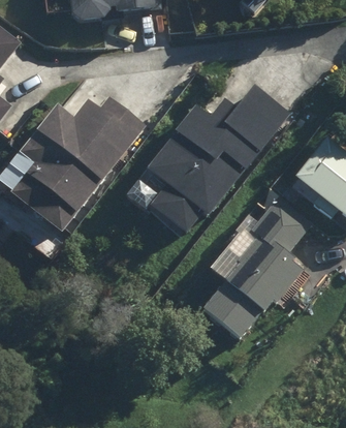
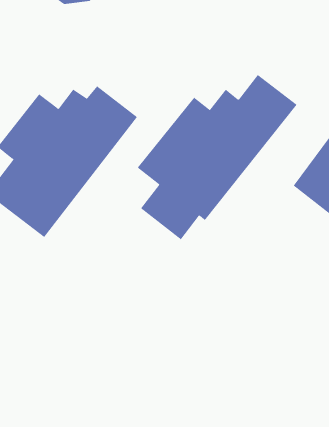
building: [192,197,307,348] -> none

